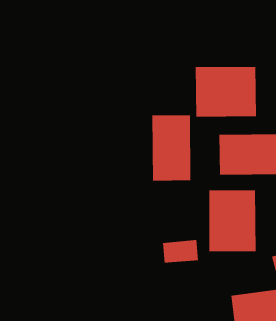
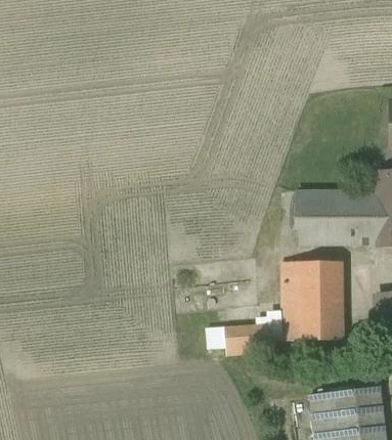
building: [195,66,256,118] -> none
building: [152,114,191,181] -> none

